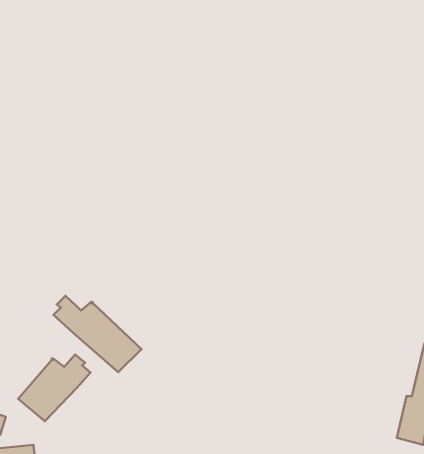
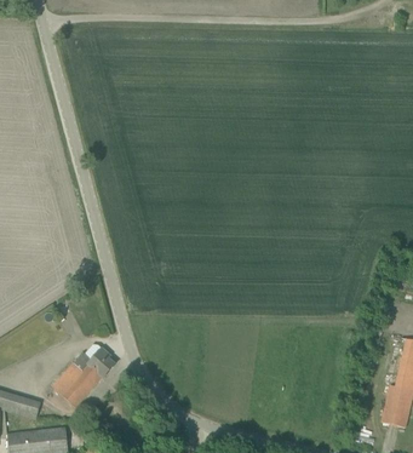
building: [53,296,141,372] -> none

